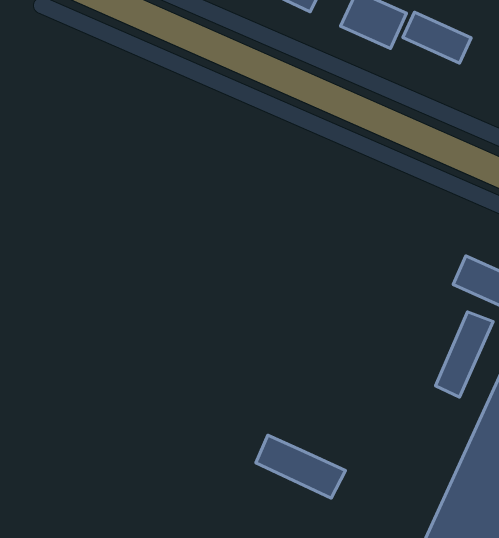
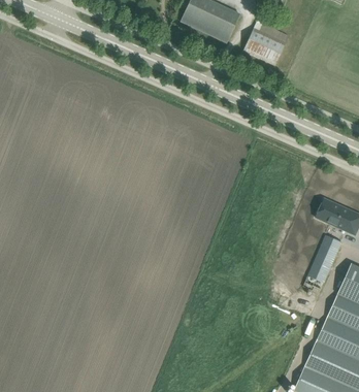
building: [403,12,471,63] -> none
building: [256,435,346,498] -> none

